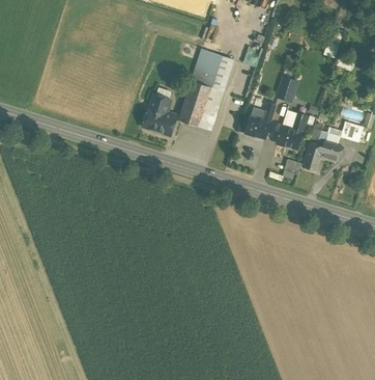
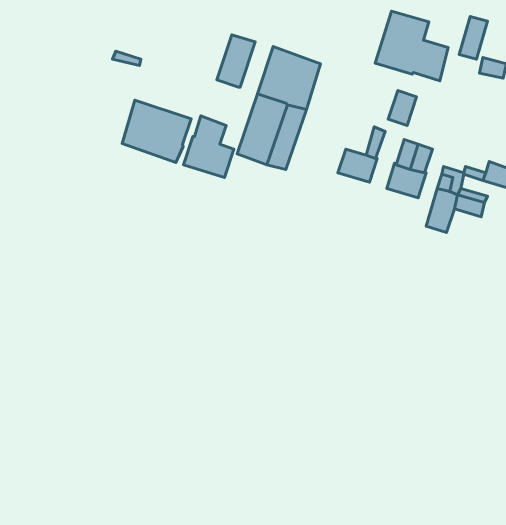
building: none -> [375,11,448,81]
building: none -> [217,35,255,87]
building: none -> [122,100,191,162]

